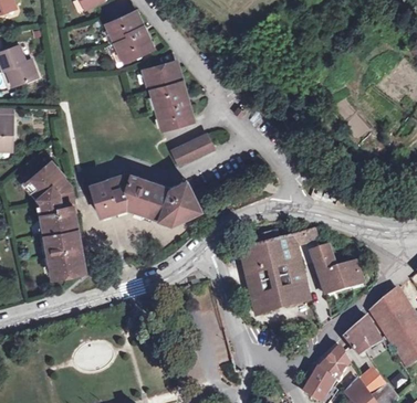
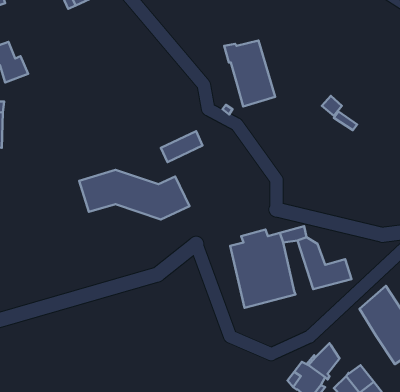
building: [106,11,153,62] -> none
building: [143,64,194,130] -> [224,40,275,107]
building: [24,161,84,275] -> none
building: [345,319,380,354] -> none

